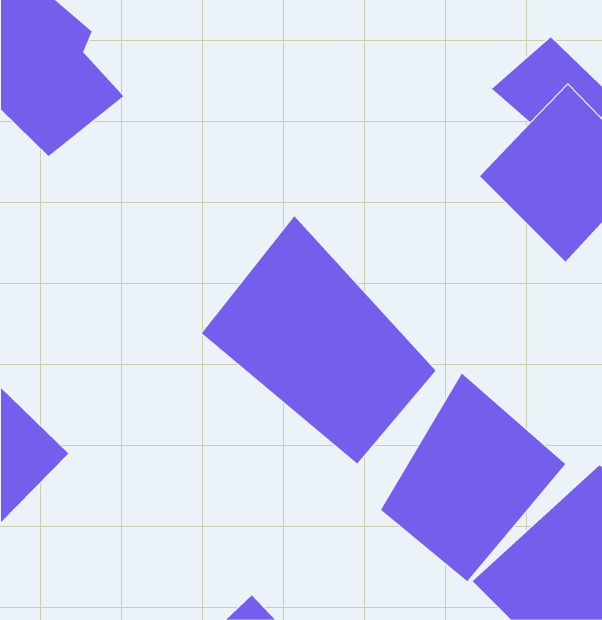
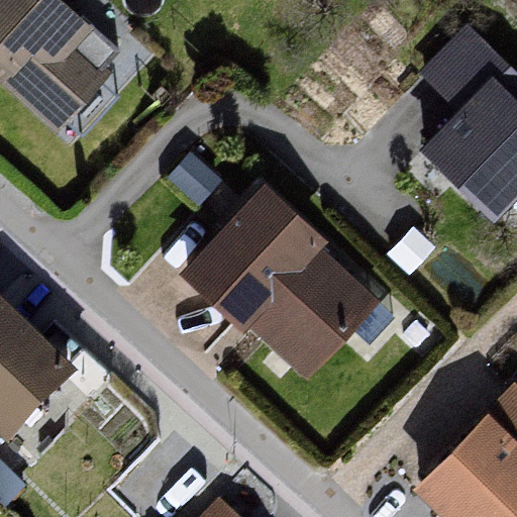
building: [380,373,566,582] -> none

